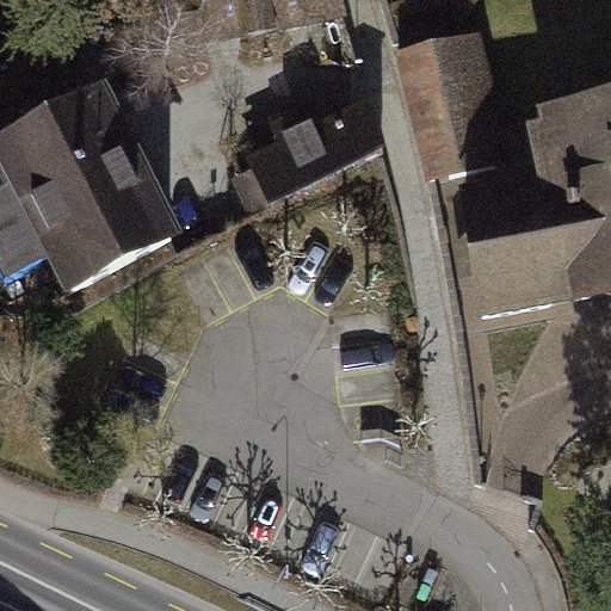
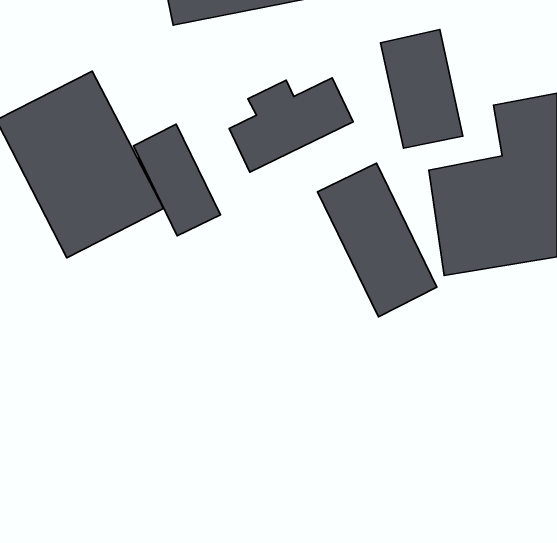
building: none -> [133,124,220,236]
building: none -> [317,163,437,317]

